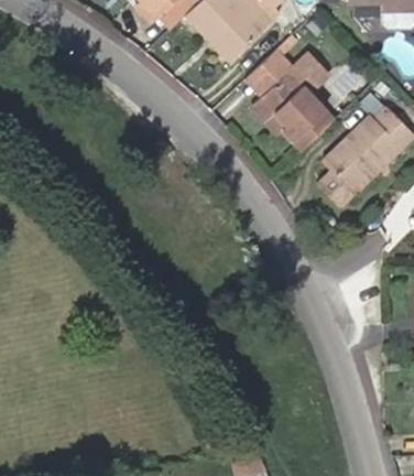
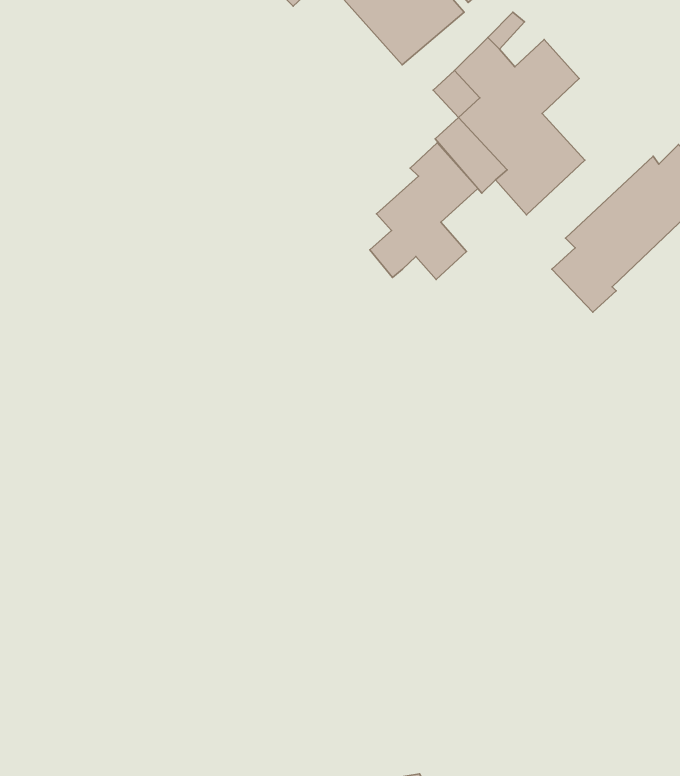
building: none -> [370,143,478,279]

